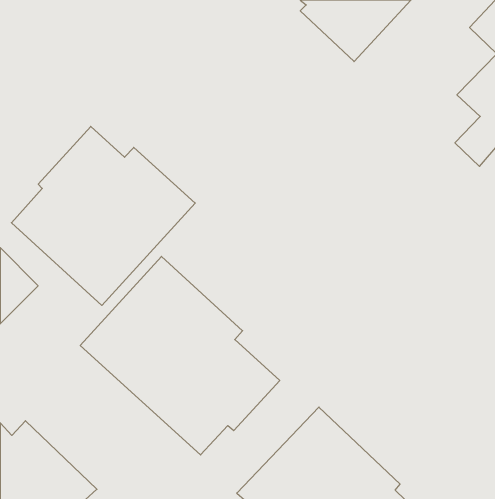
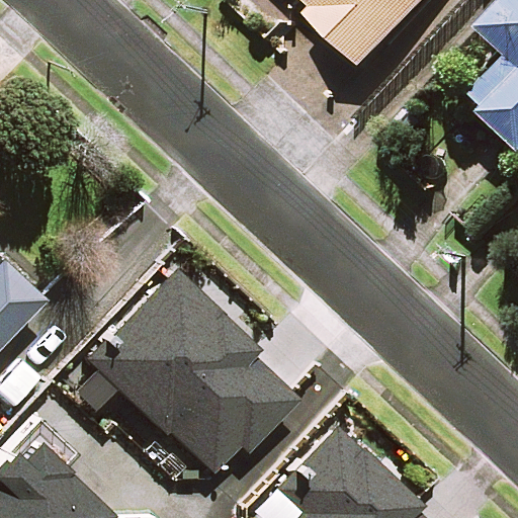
building: [11,126,195,305] -> none

